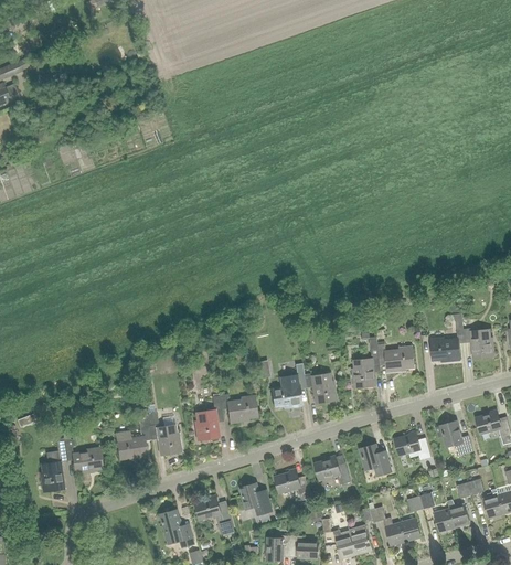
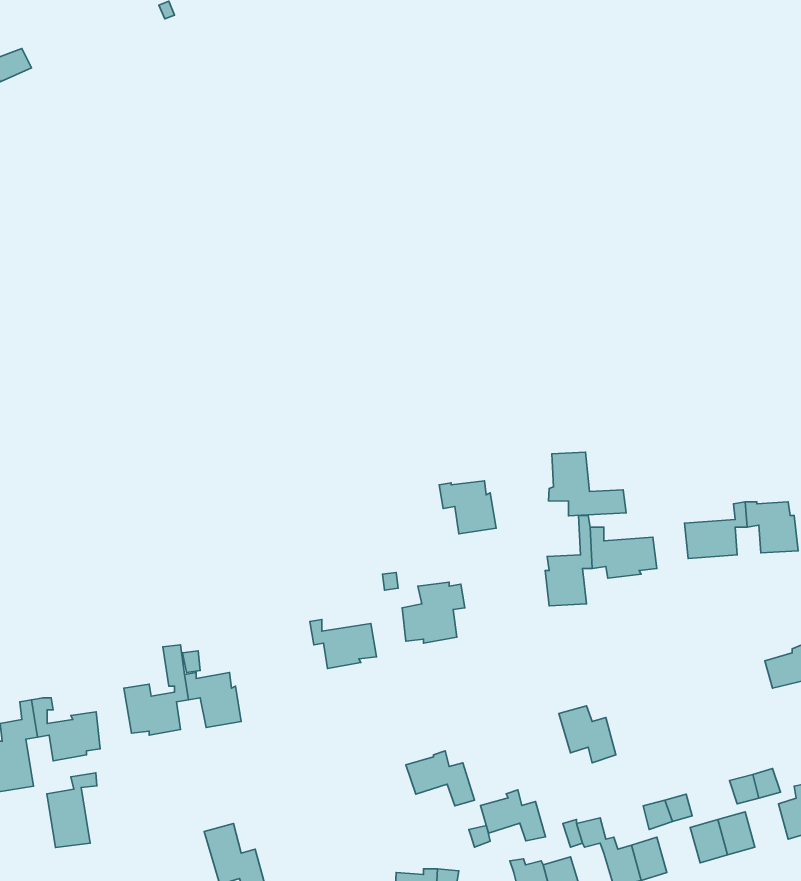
building: none -> [549,452,626,516]
building: [305,373,337,403] -> [439,481,496,534]
building: [195,396,223,440] -> none
building: [436,420,473,455] -> none
building: [395,431,432,460] -> none
building: [315,456,351,484] -> [481,790,545,841]
building: none -> [47,773,97,847]
building: [241,483,273,515] -> none
building: [194,495,234,535] -> none

